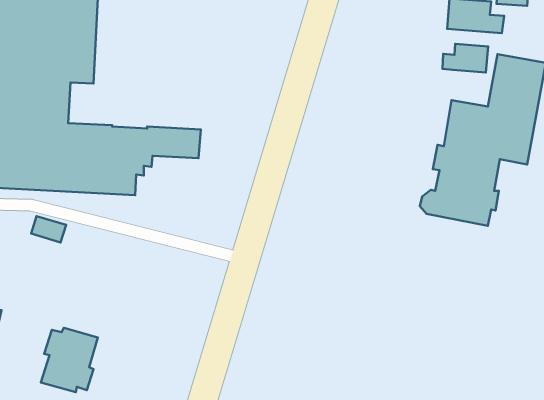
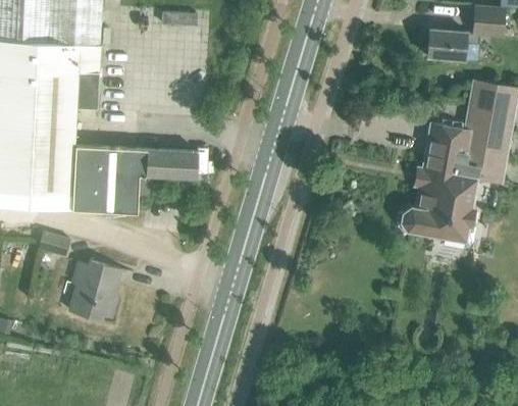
building: [443,44,488,72] -> none
building: [41,328,98,392] -> [67,260,120,320]

